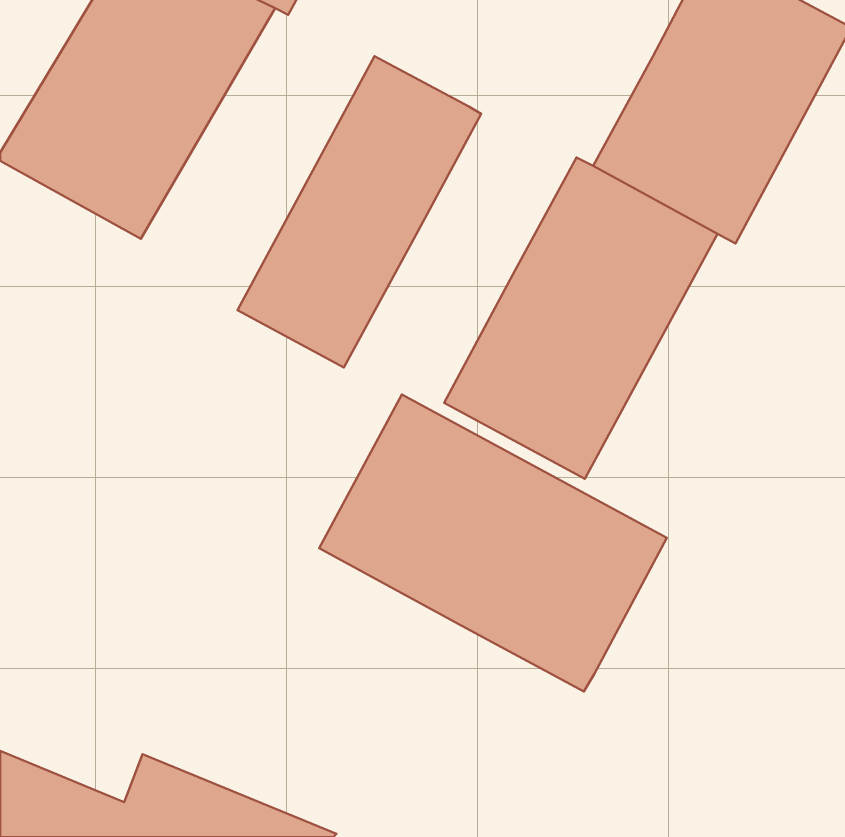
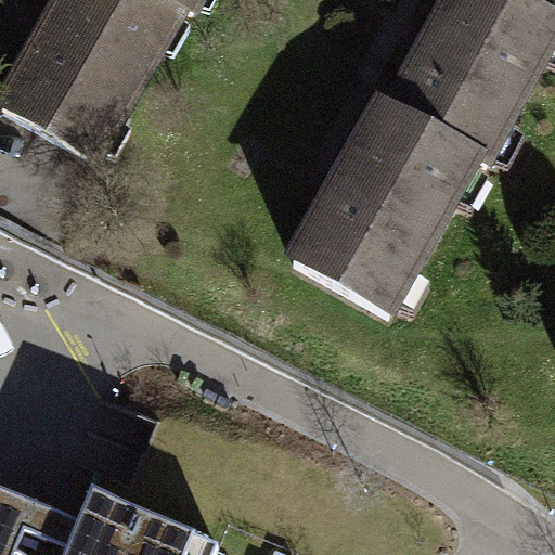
building: [237,56,481,368] -> none
building: [319,395,667,691] -> none

